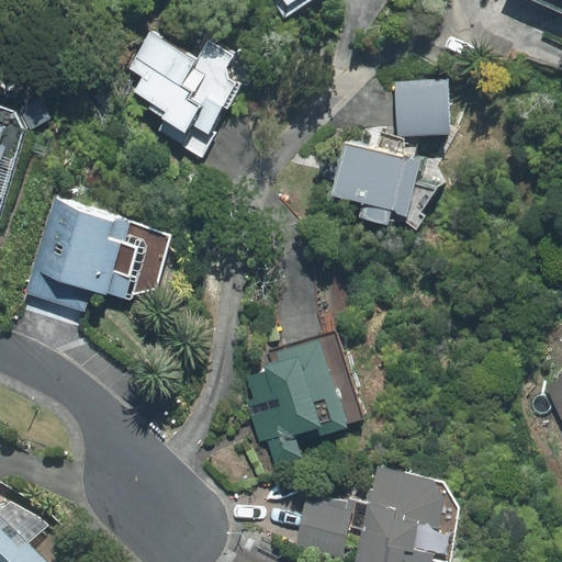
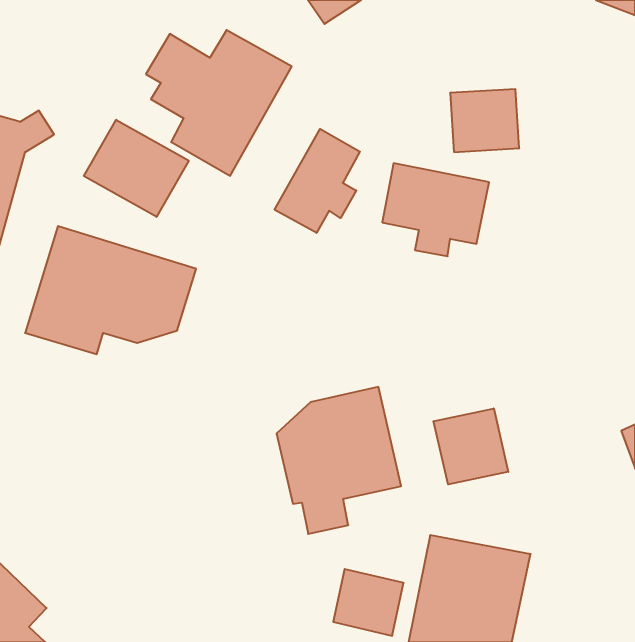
building: none -> [84,120,189,217]
building: none -> [275,129,360,233]
building: none -> [434,408,508,484]

